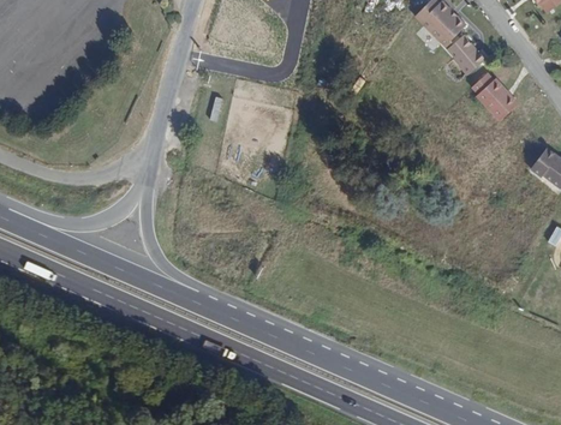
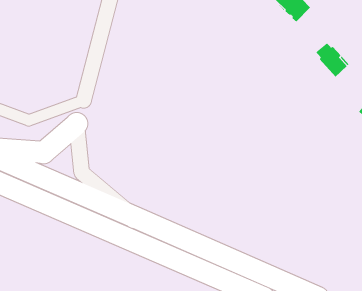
building: [447,35,485,74] -> none

